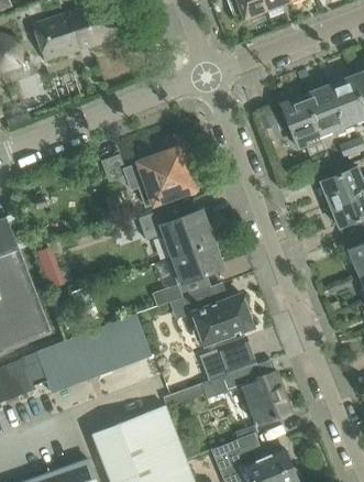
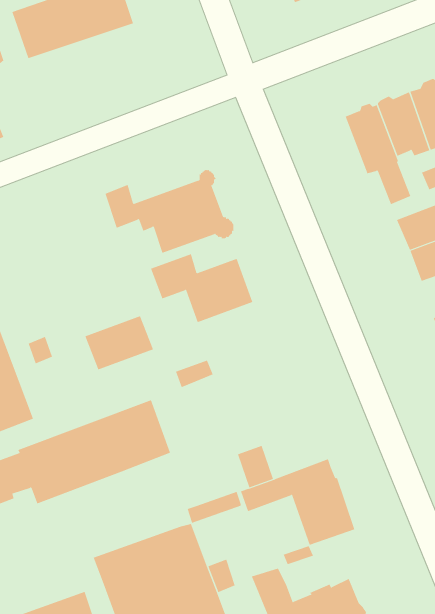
building: [170,243,222,284] -> [84,316,154,370]
building: [187,287,253,346] -> none
building: [218,337,255,375] -> none

